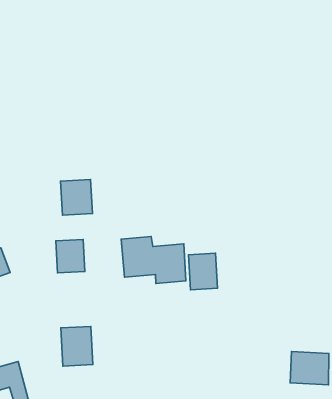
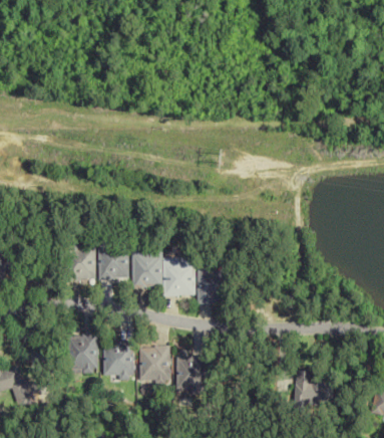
building: [60,179,92,215] -> [99,246,129,280]
building: none -> [102,343,132,379]
building: none -> [139,348,168,383]
building: none -> [175,357,205,391]

